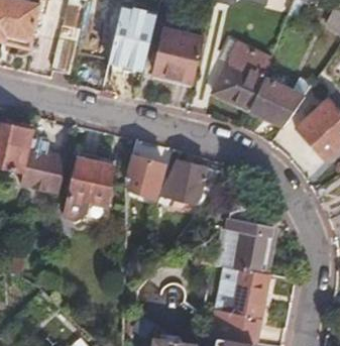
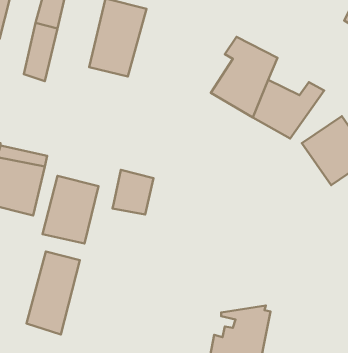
building: [154,32,204,86] -> none
building: [159,157,219,206] -> none
building: [218,204,270,277] -> none
building: none -> [27,251,80,334]

